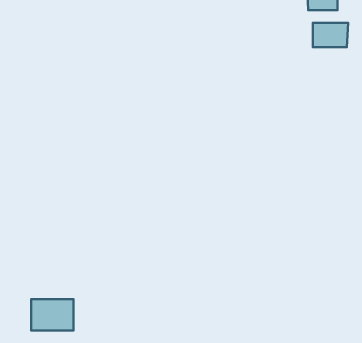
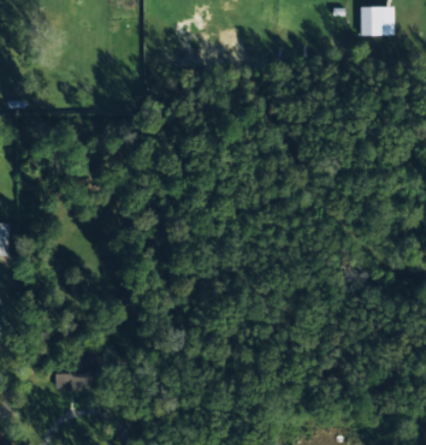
building: [313,23,348,47] -> none

